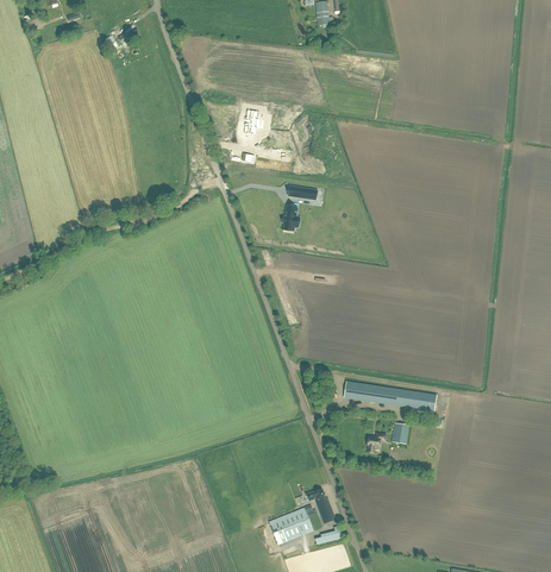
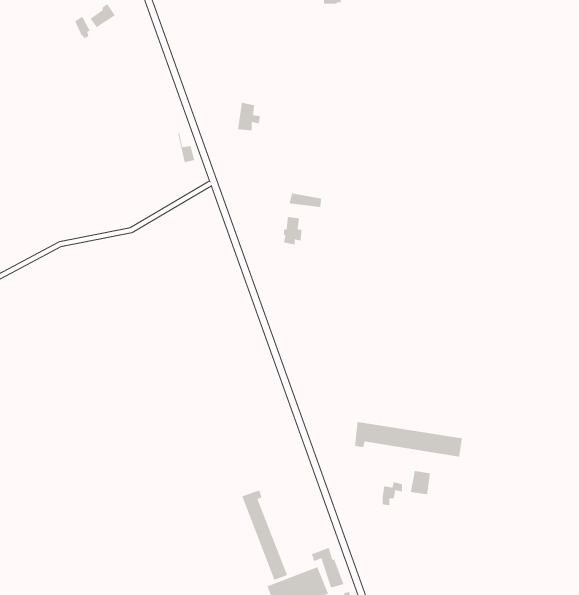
building: none -> [241,490,288,581]

